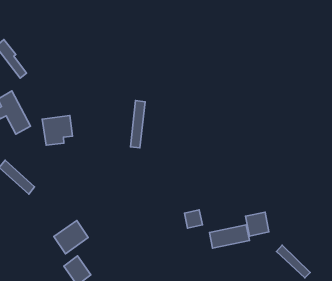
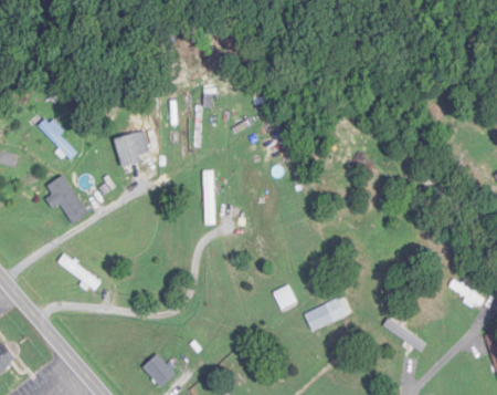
building: [42,116,72,145] -> [113,131,149,167]
building: [246,212,269,236] -> none
building: [54,220,88,254] -> none

